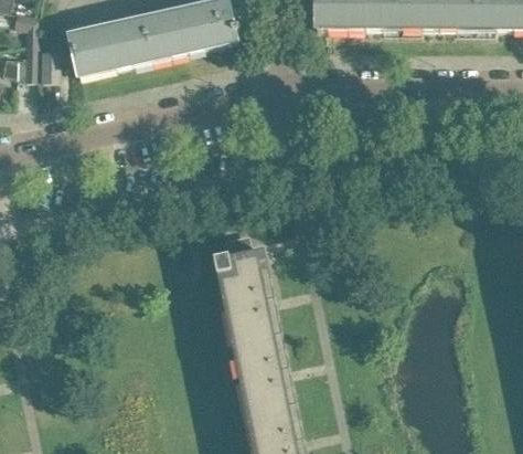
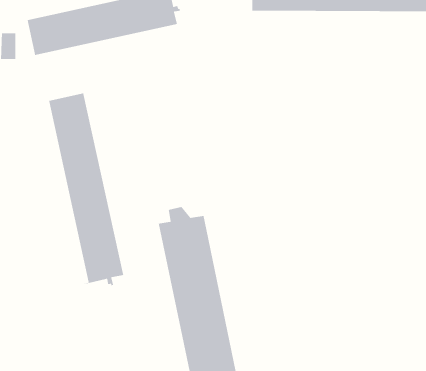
building: none -> [43,92,124,286]

